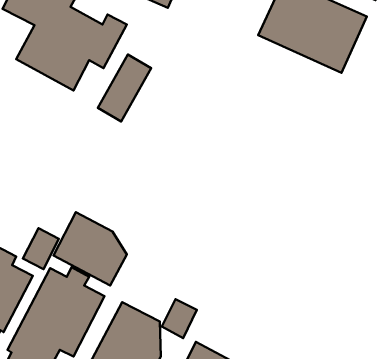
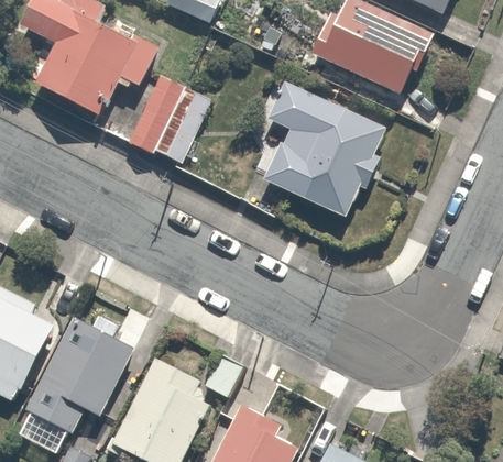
building: none -> [262,81,384,216]
building: [54,212,127,285] -> none

